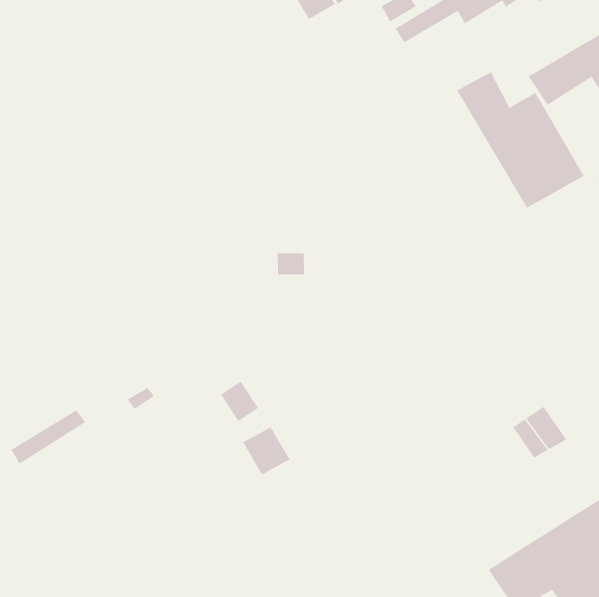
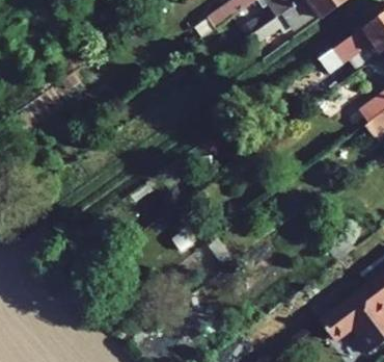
building: [457,71,584,209] -> none

